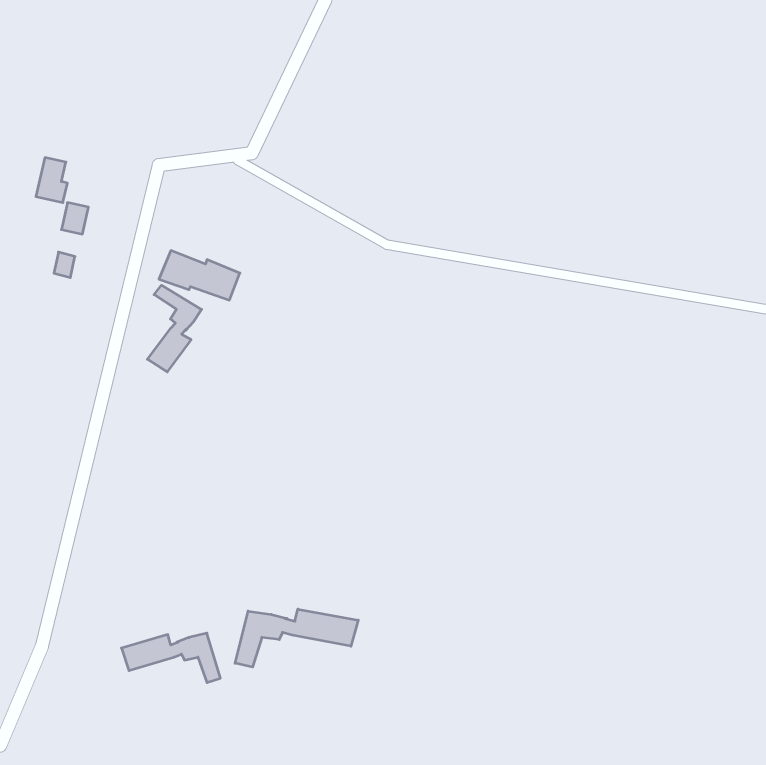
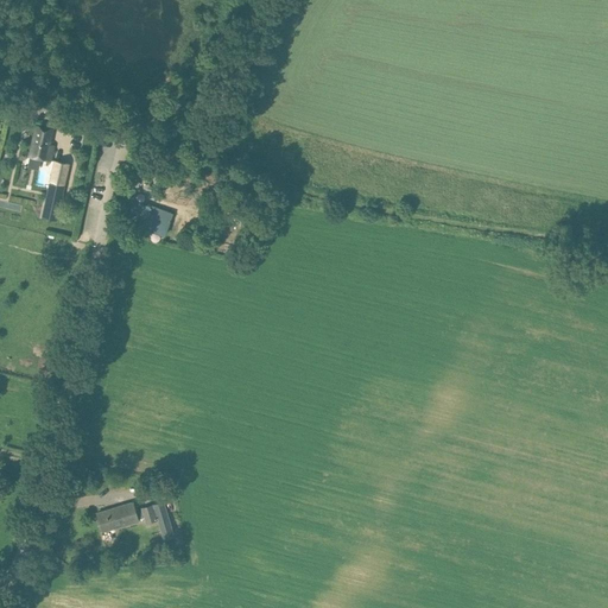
building: [147,285,202,372] -> none
building: [235,609,358,667] -> none

